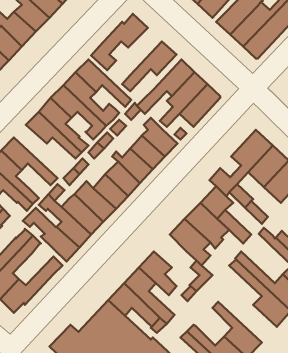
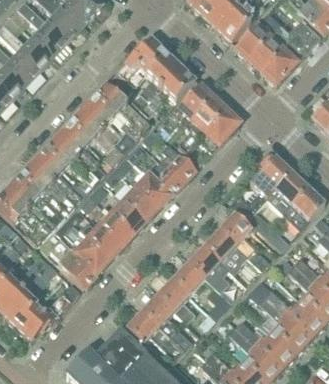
building: none -> [131,52,180,109]
building: none -> [31,150,87,204]
building: none -> [172,261,205,294]
building: none -> [237,322,296,370]

